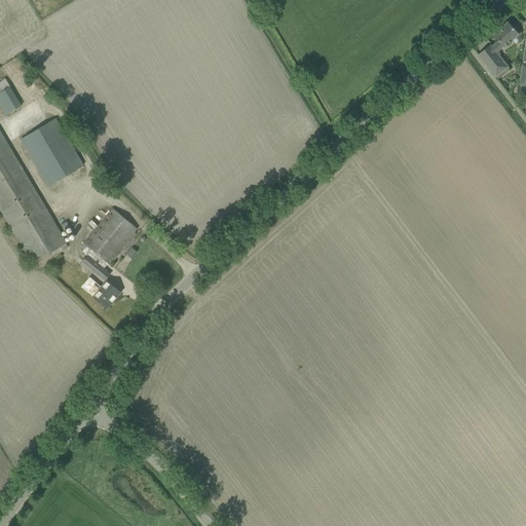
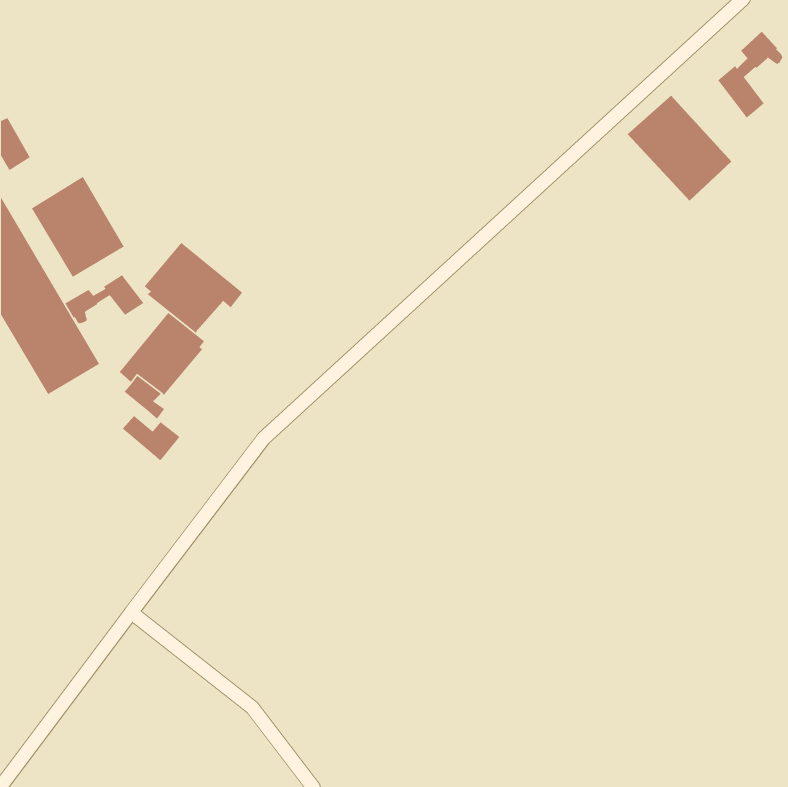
building: none -> [627,95,732,201]
building: none -> [144,242,243,334]
building: none -> [64,274,145,324]

